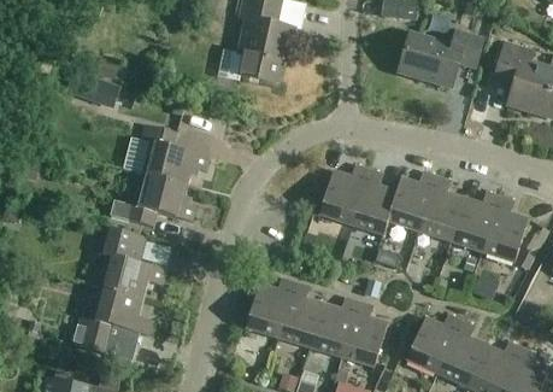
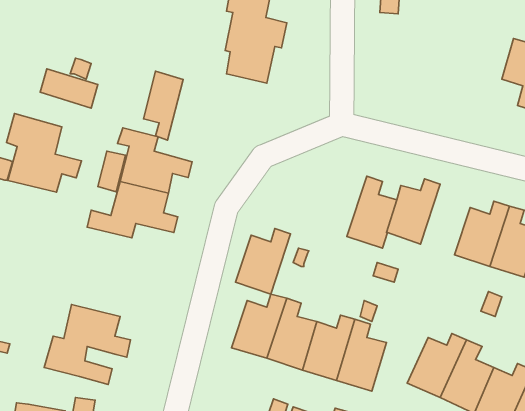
building: [398,30,483,86] -> none
building: none -> [143,71,183,140]
building: [318,163,369,223] -> [236,229,291,294]
building: [418,175,464,240] -> none
building: [96,224,165,297] -> [7,114,81,192]

